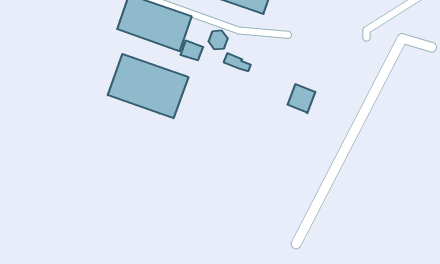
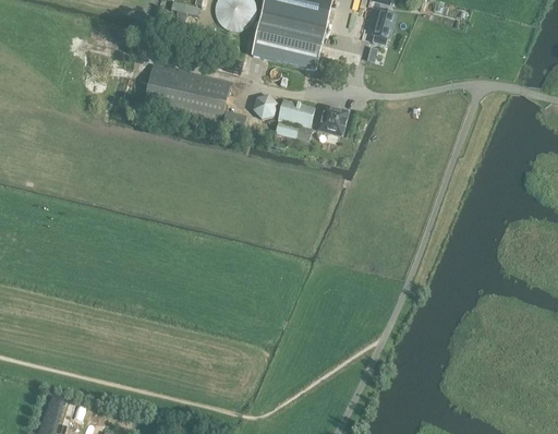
building: none -> [276,97,316,126]
building: [108,54,188,118] -> none
building: [287,84,315,113] -> [317,103,349,135]

